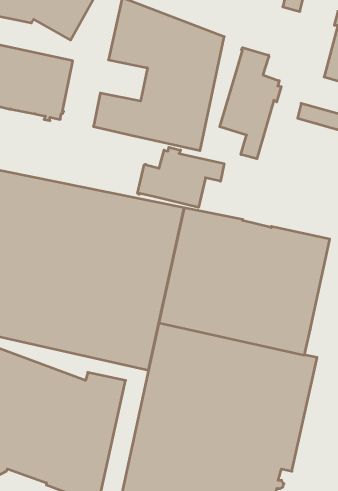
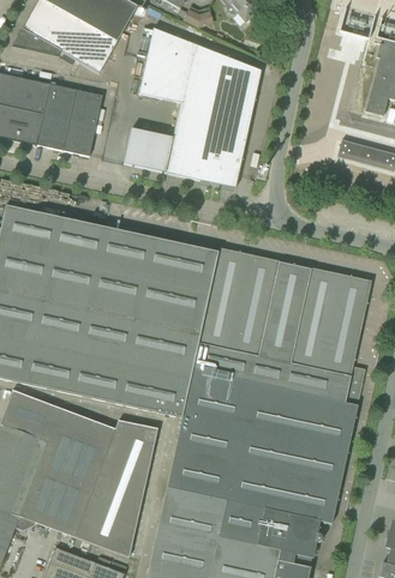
building: [220,48,281,159] -> none
building: [138,147,224,207] -> none

